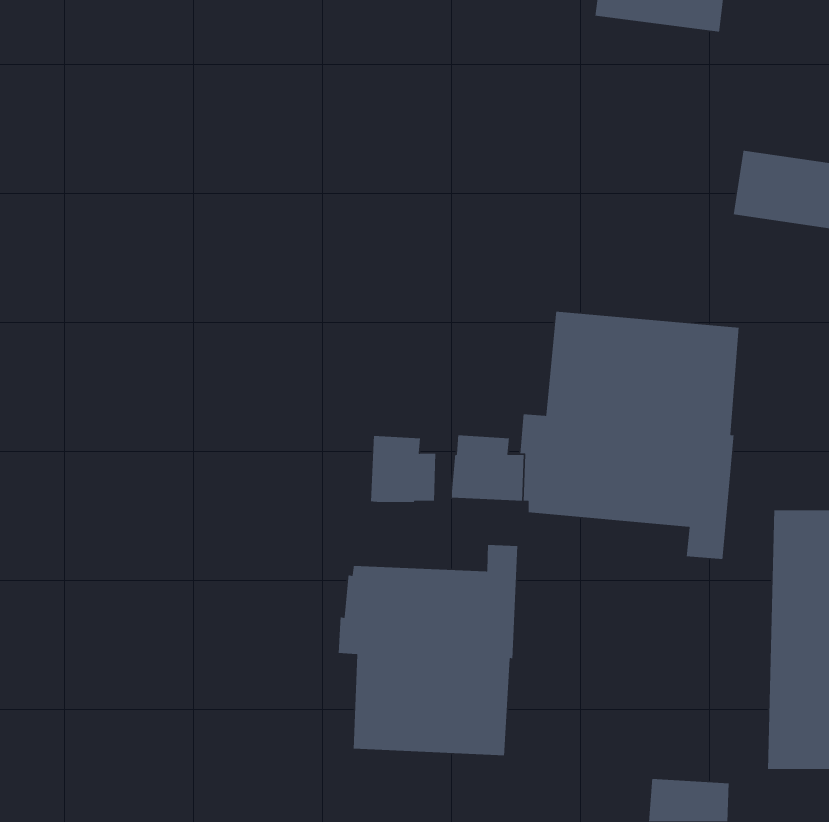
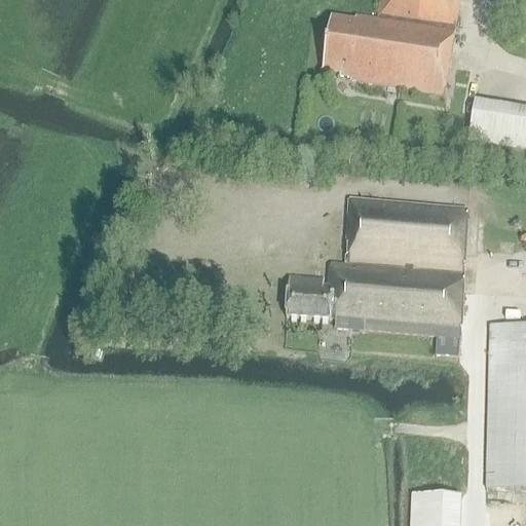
building: none -> [324,12,456,93]
building: [370,435,436,503] -> none
building: [338,544,518,756] -> none

